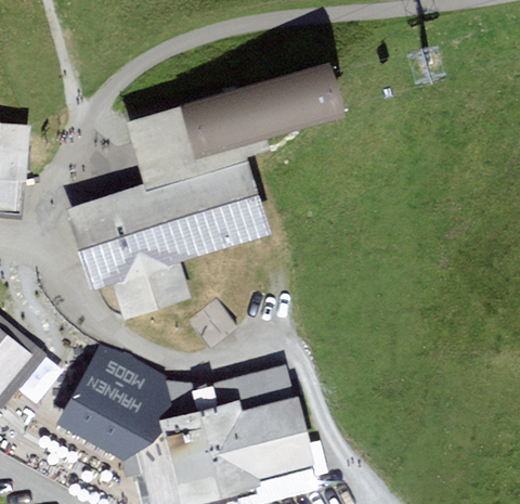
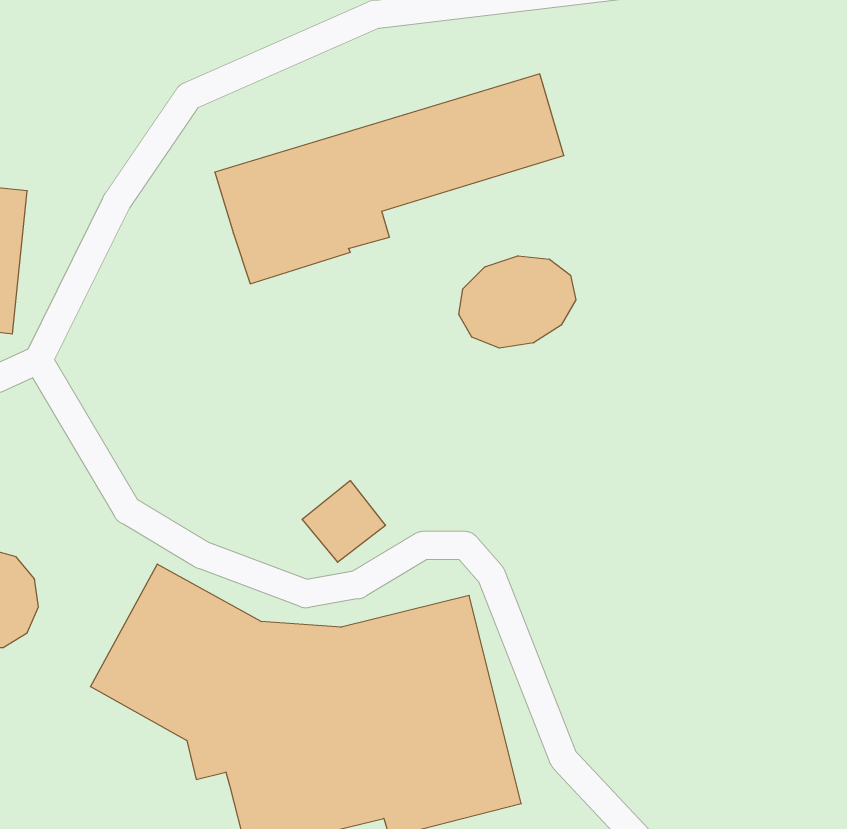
building: [74,157,263,311] -> none
building: none -> [459,256,576,348]

